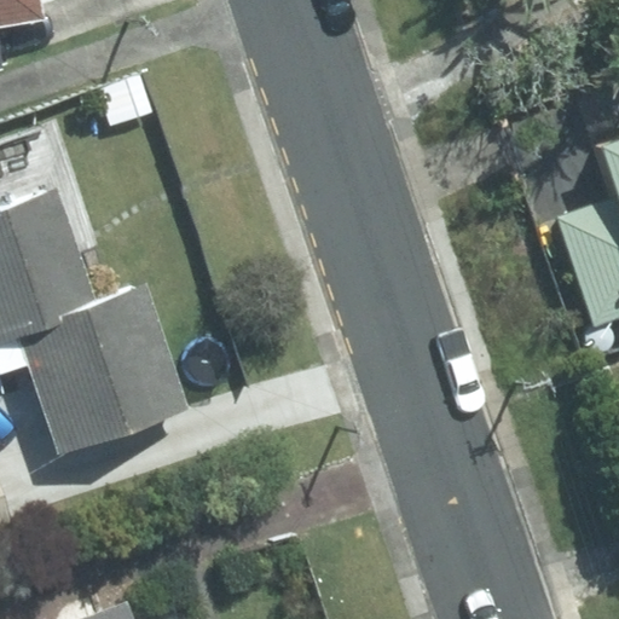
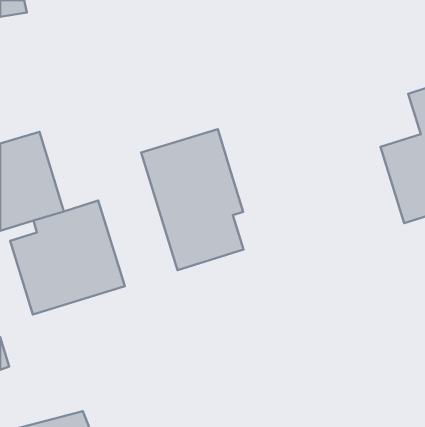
building: none -> [141,129,243,270]

